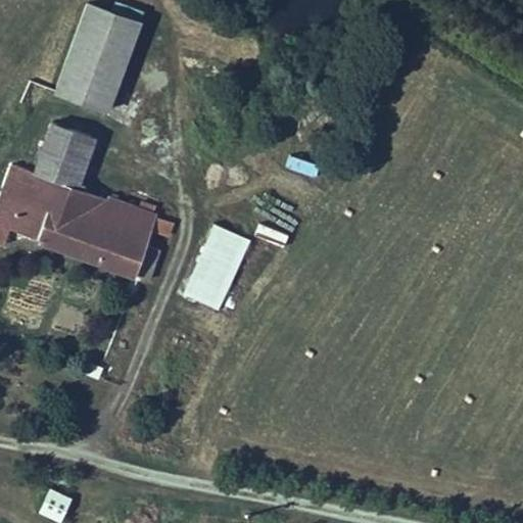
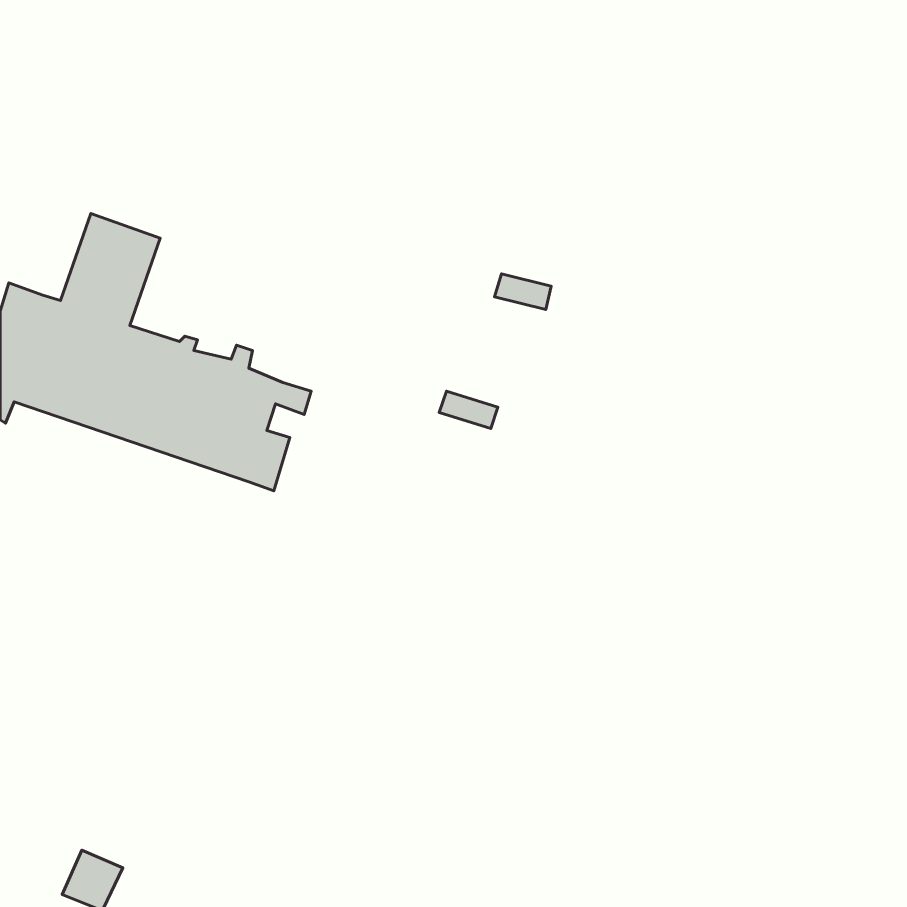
building: [56,5,140,110] -> none
building: [181,227,246,312] -> none

